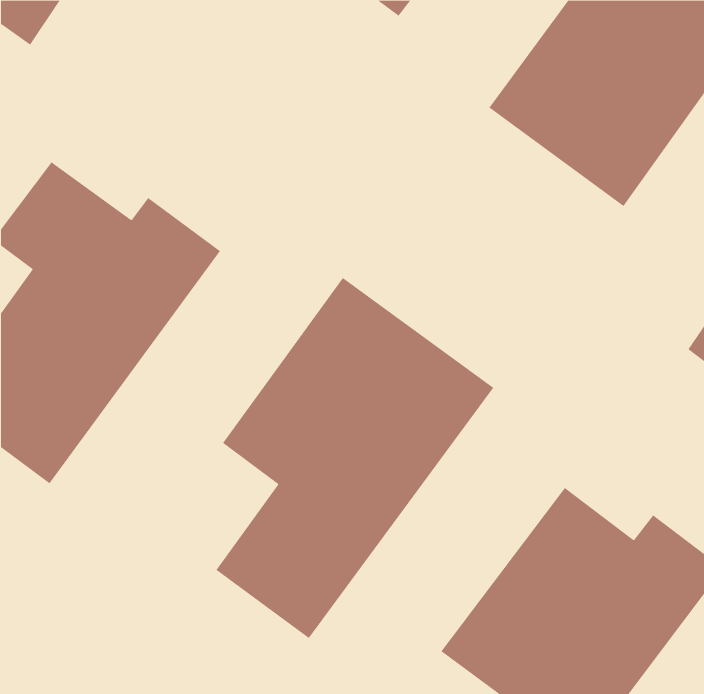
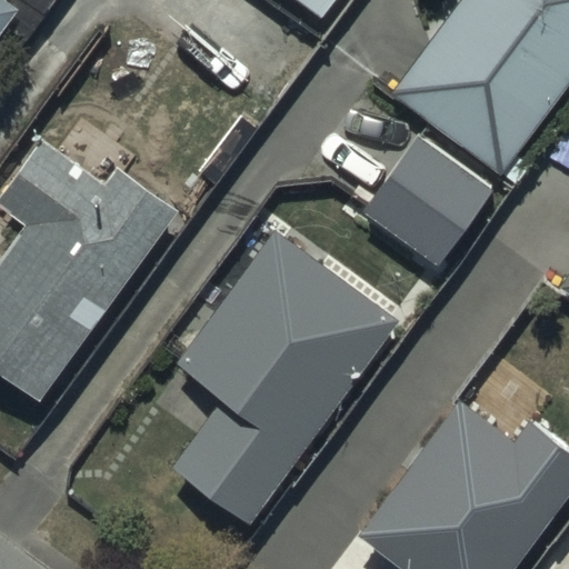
building: none -> [361,138,490,267]

